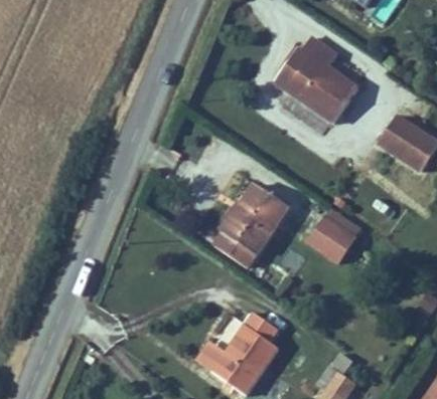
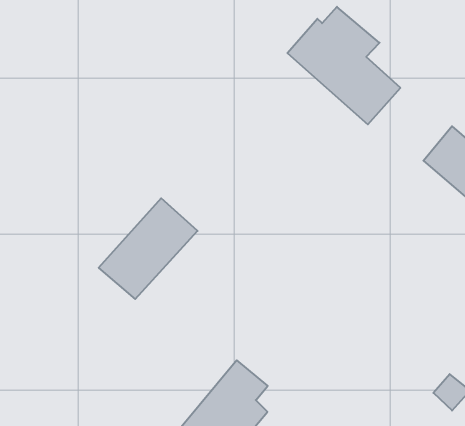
building: [209,183,283,263] -> [99,198,198,299]
building: [305,215,349,260] -> none

